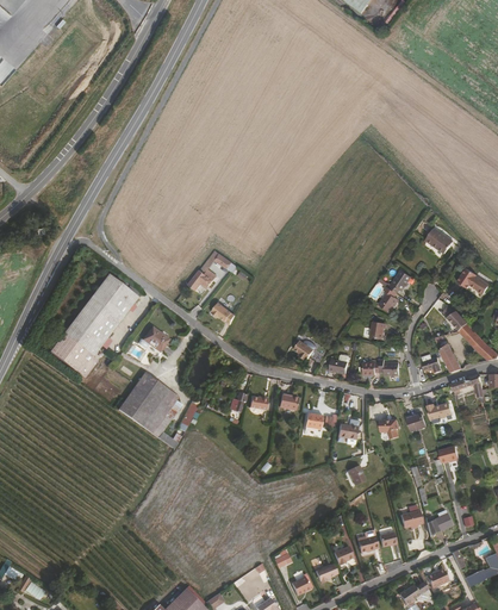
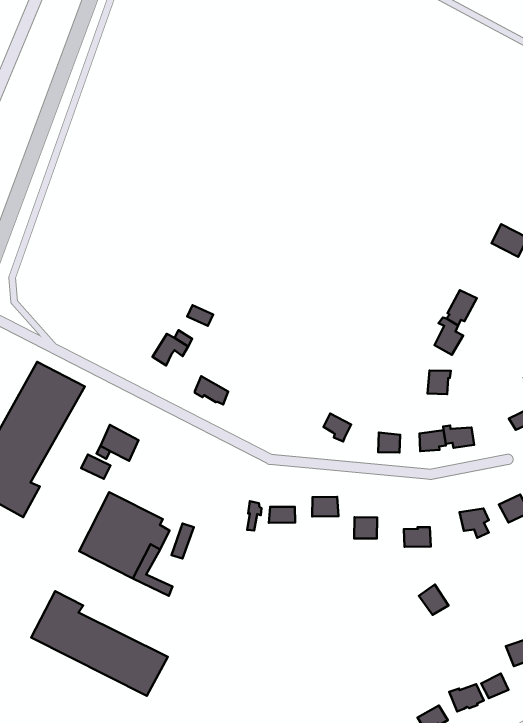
building: none -> [31,591,168,696]

